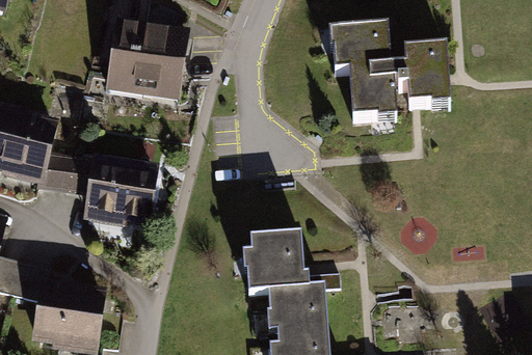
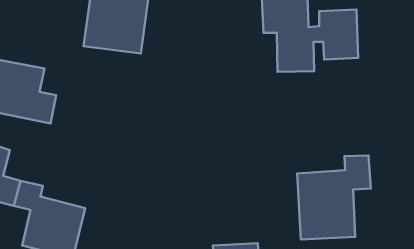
building: [65,152,155,227] -> none
building: none -> [297,155,371,240]
building: [244,237,325,339] -> none

